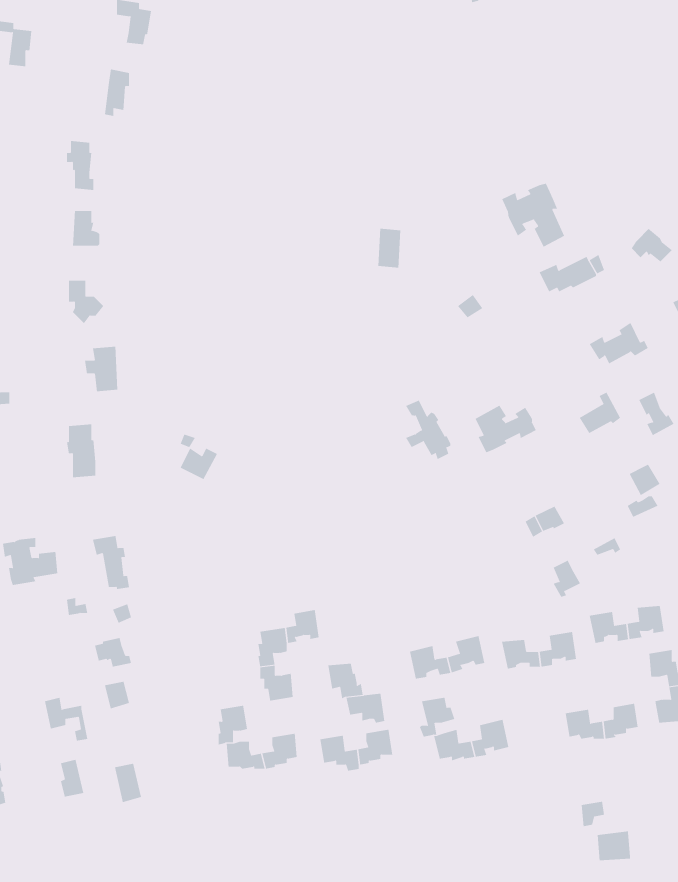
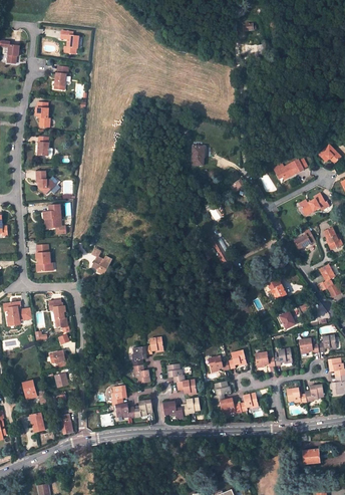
building: [502,183,565,248] -> none
building: [475,405,537,453] -> none

